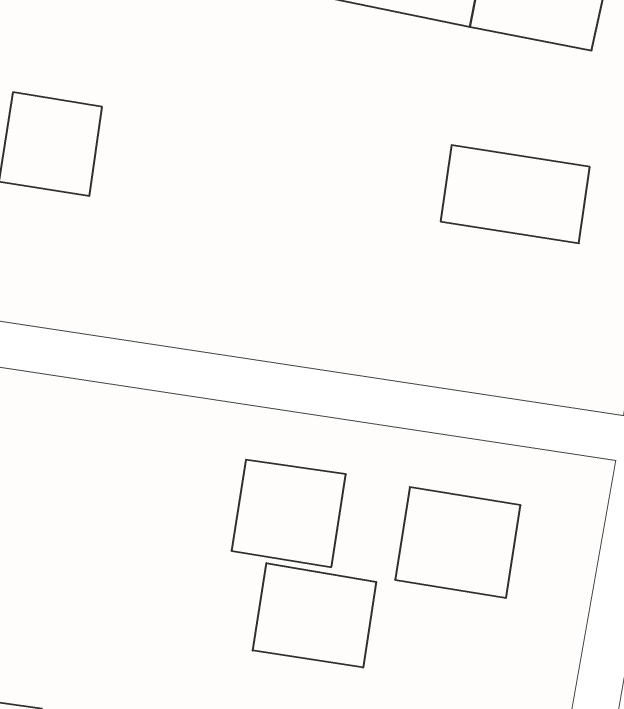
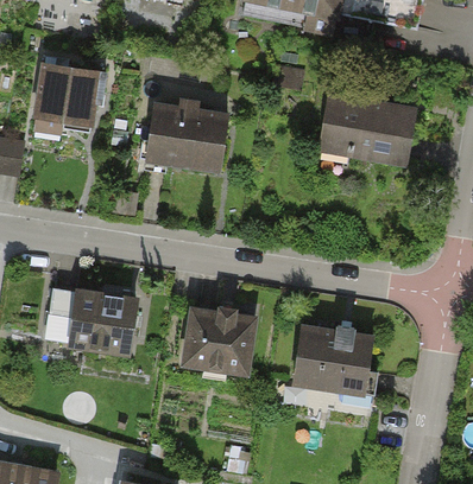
building: none -> [143,102,226,172]
building: none -> [39,284,137,354]
building: [253,563,376,668] -> none

